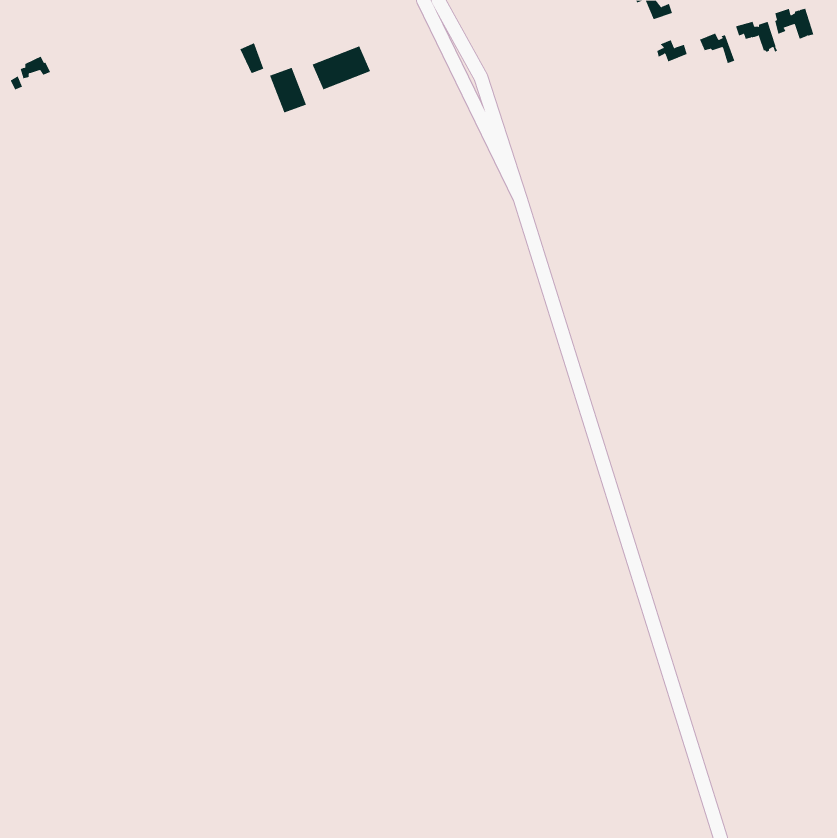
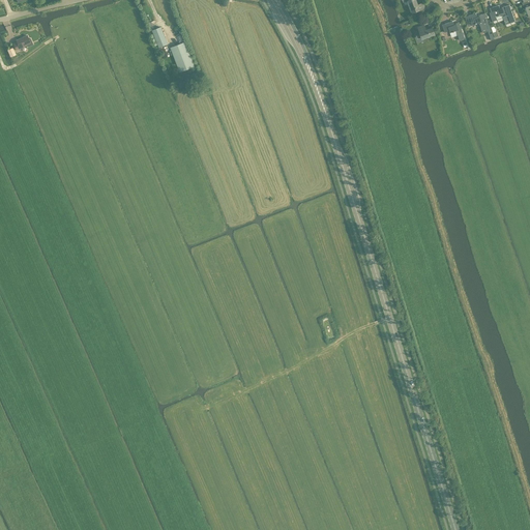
building: [312,46,371,90] -> none

